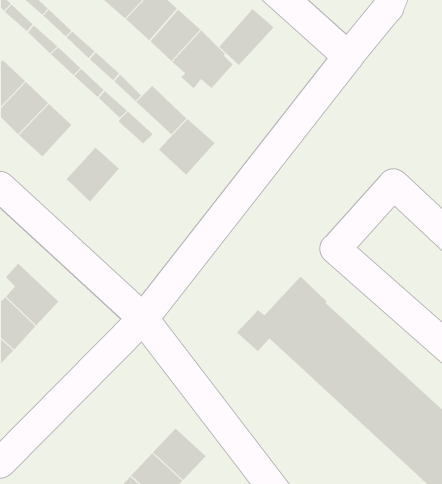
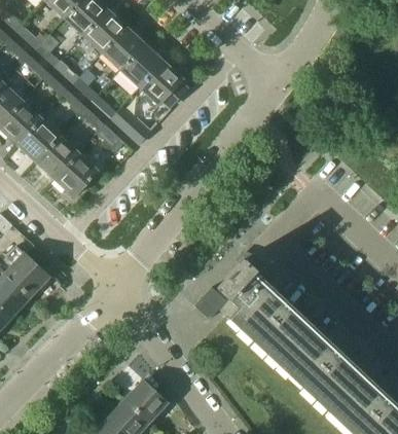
building: [218,8,275,66] -> none
building: [158,118,215,176] -> none
building: none -> [37,138,79,181]

